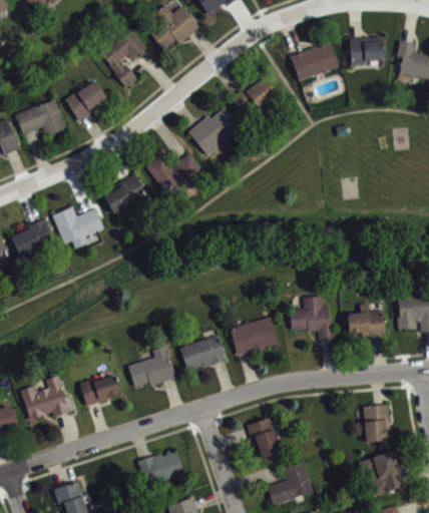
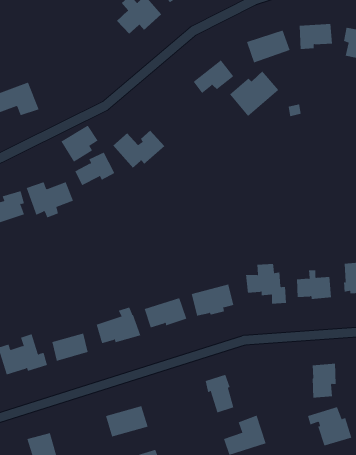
building: [99,31,145,87] -> none
building: [64,81,105,122] -> [61,125,98,163]
building: [188,107,243,157] -> [229,71,279,117]

